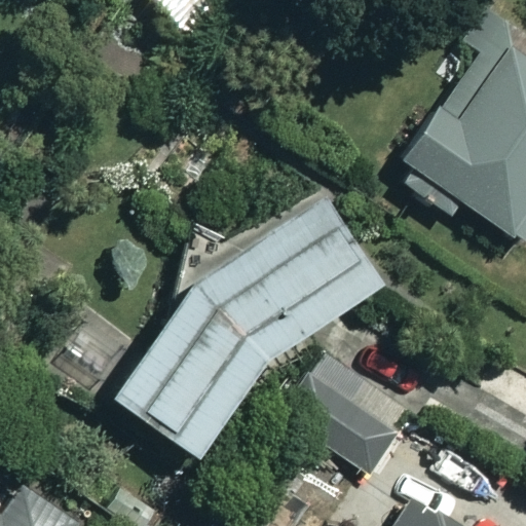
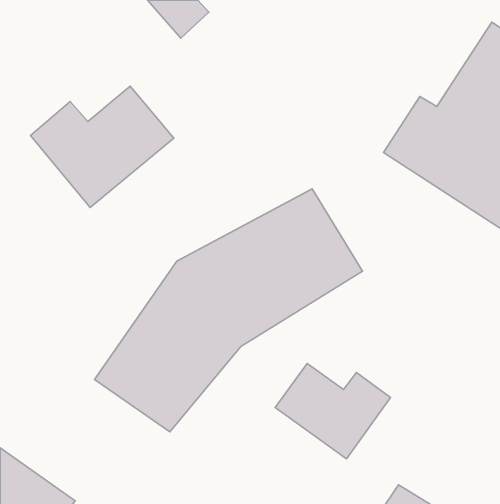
building: none -> [30,86,174,207]

